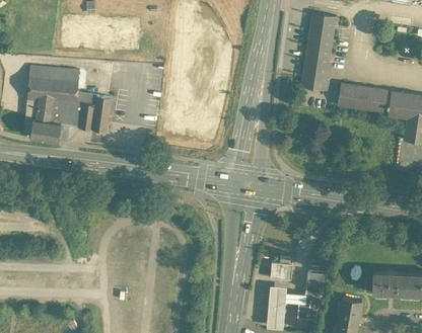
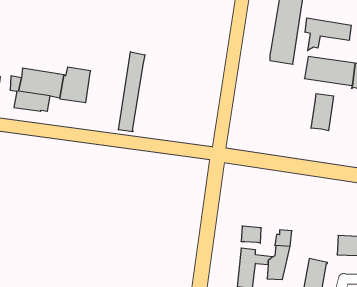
building: none -> [305,18,351,51]
building: [27,67,79,106] -> none
building: none -> [119,52,145,132]
building: none -> [311,94,334,131]

